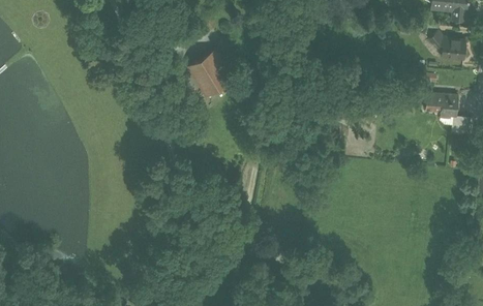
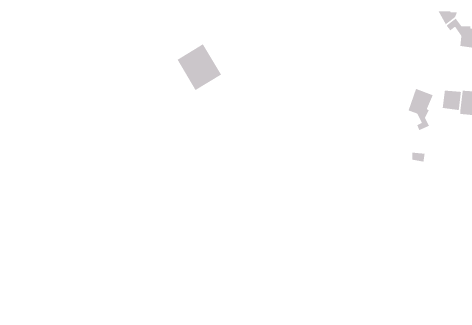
building: none -> [407,88,434,131]

